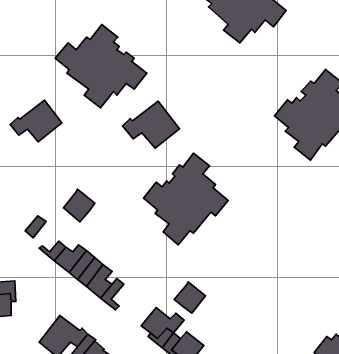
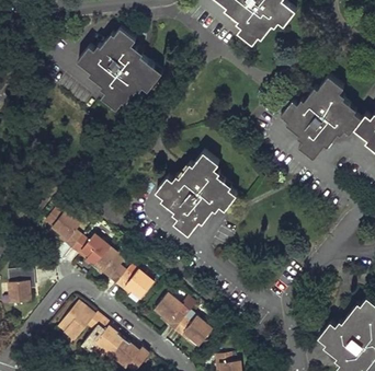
building: [10,100,62,142] -> none
building: [122,101,179,148] -> none
building: [64,189,95,222] -> [53,211,82,242]
building: [174,282,206,313] -> [126,270,156,300]

